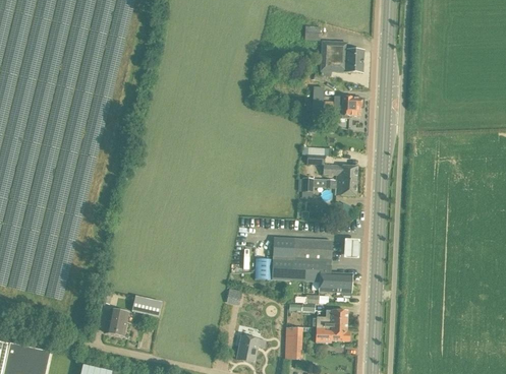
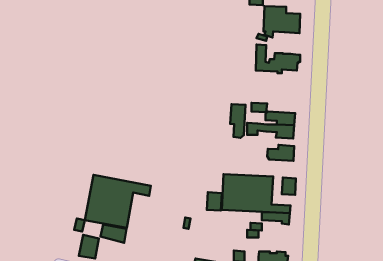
building: none -> [230,104,246,138]
building: none -> [267,145,294,161]
building: none -> [85,175,151,228]
building: [312,309,347,329] -> none

